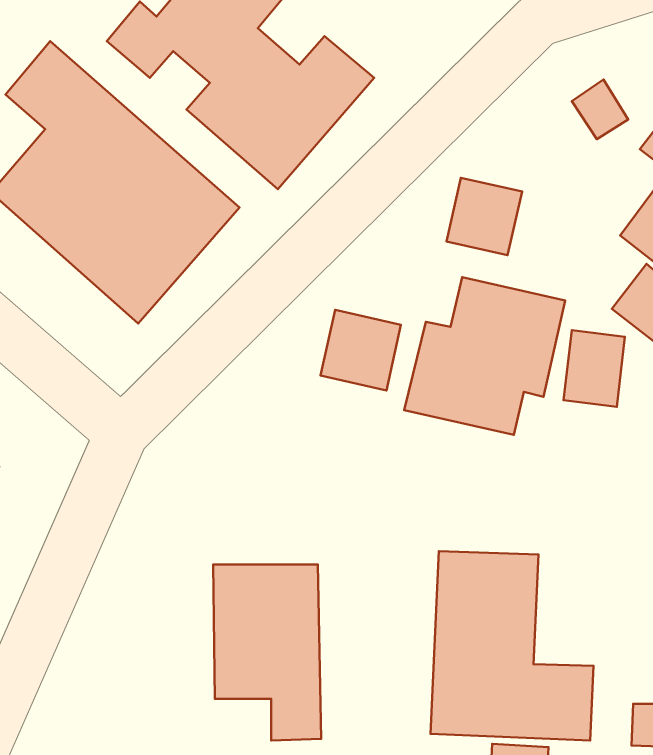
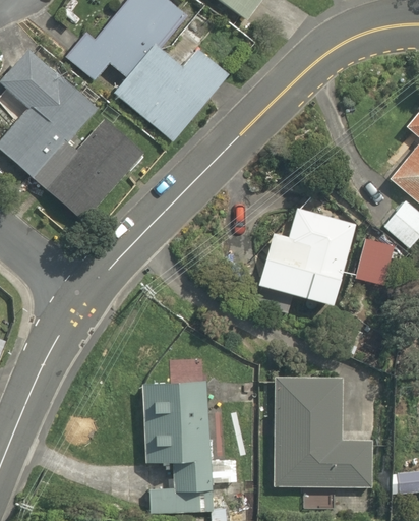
building: [446,178,522,255] -> none
building: [321,310,401,390] -> none

